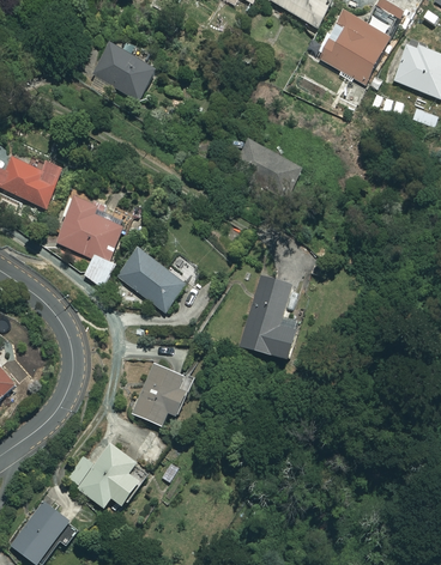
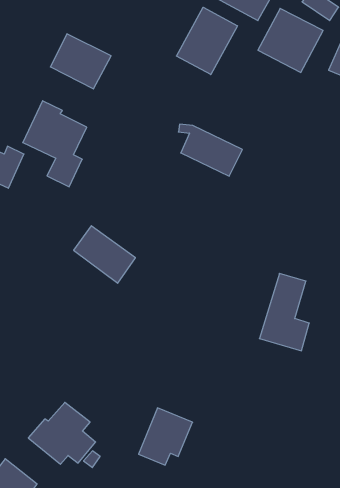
building: none -> [176,7,237,75]
building: [54,196,123,290] -> [23,101,87,187]
building: [244,277,298,360] -> [259,273,309,351]
building: [133,364,192,426] -> [139,408,193,465]

